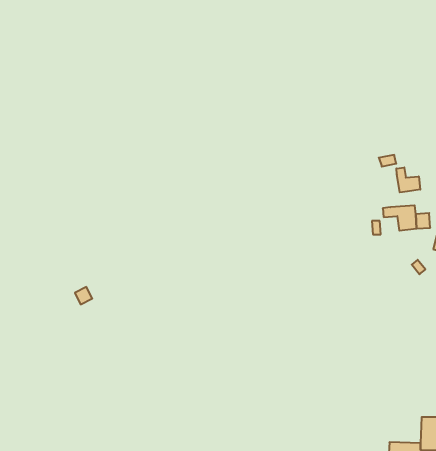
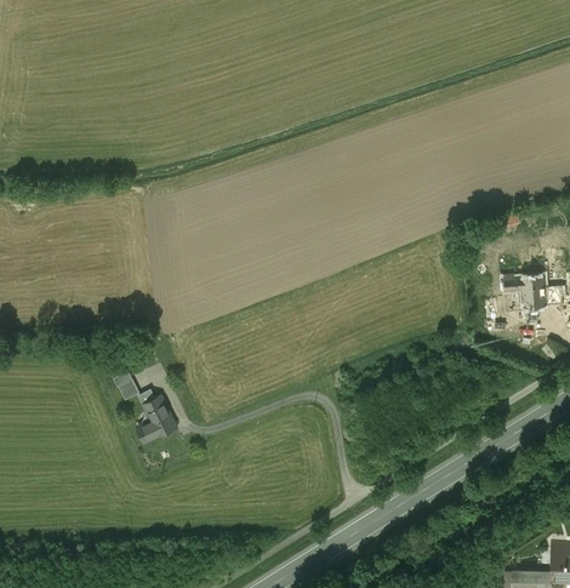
building: [396,167,420,192] -> none
building: none -> [138,390,176,440]

